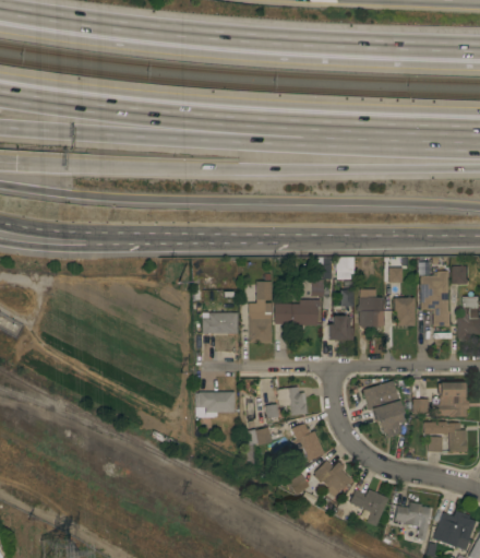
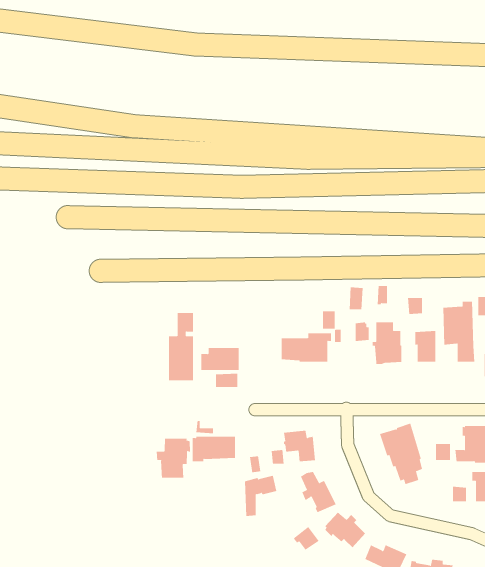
building: [249,282,272,343] -> [168,313,194,381]
building: [324,316,352,340] -> none
building: none -> [156,438,191,478]

